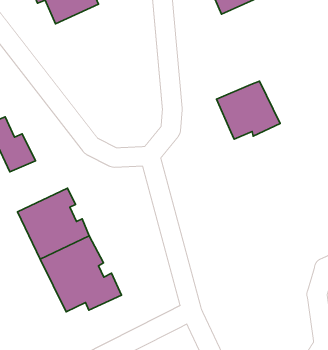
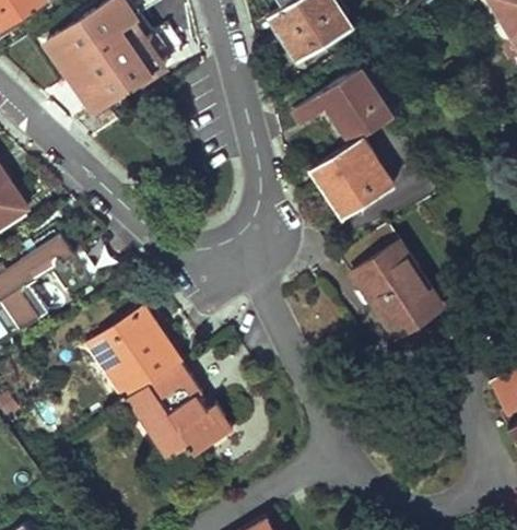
building: none -> [293,69,391,142]
building: none -> [339,224,436,335]

